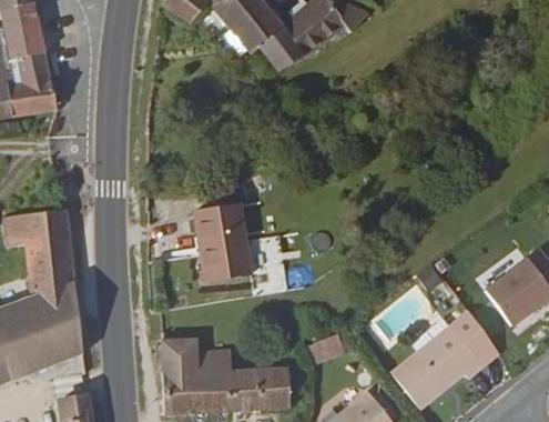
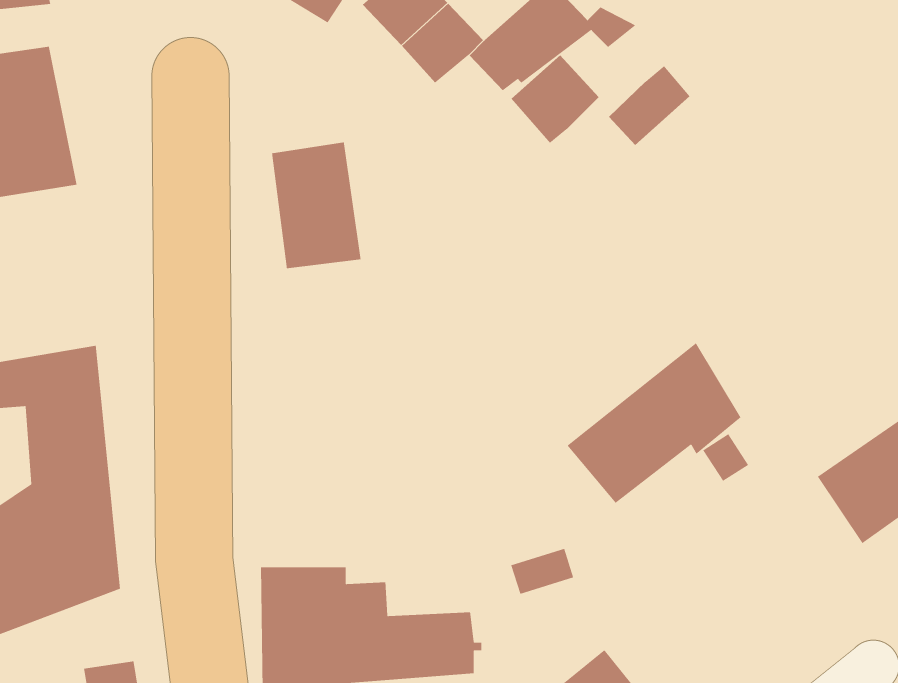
building: none -> [511,54,599,144]
building: none -> [608,65,691,146]
building: [197,204,251,280] -> [271,141,361,269]
building: [389,309,492,404] -> [567,342,741,504]

